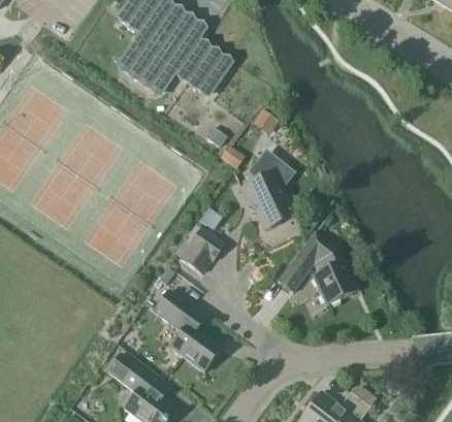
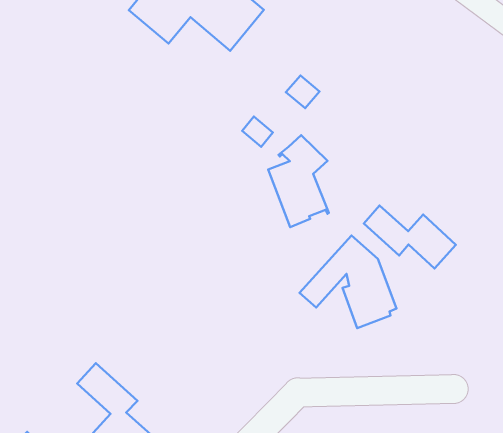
building: none -> [364,206,456,269]
building: [181,228,226,273] -> none
building: [155,291,223,371] -> none

